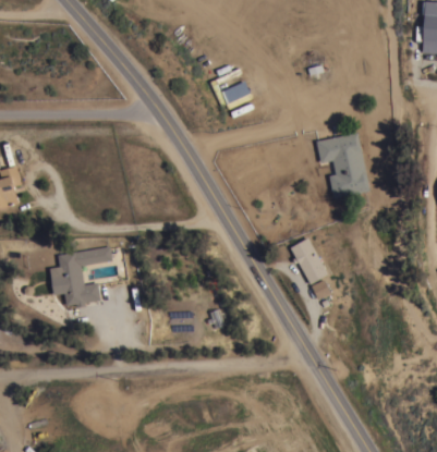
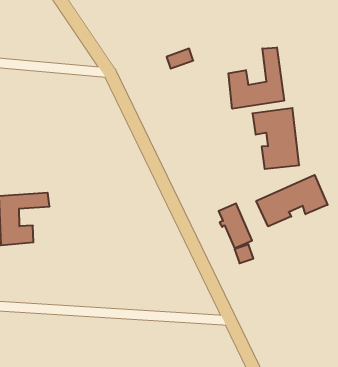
building: none -> [228,47,284,109]
building: none -> [256,175,328,226]

